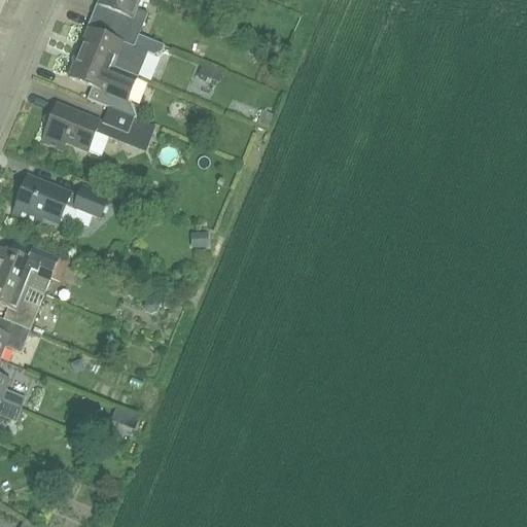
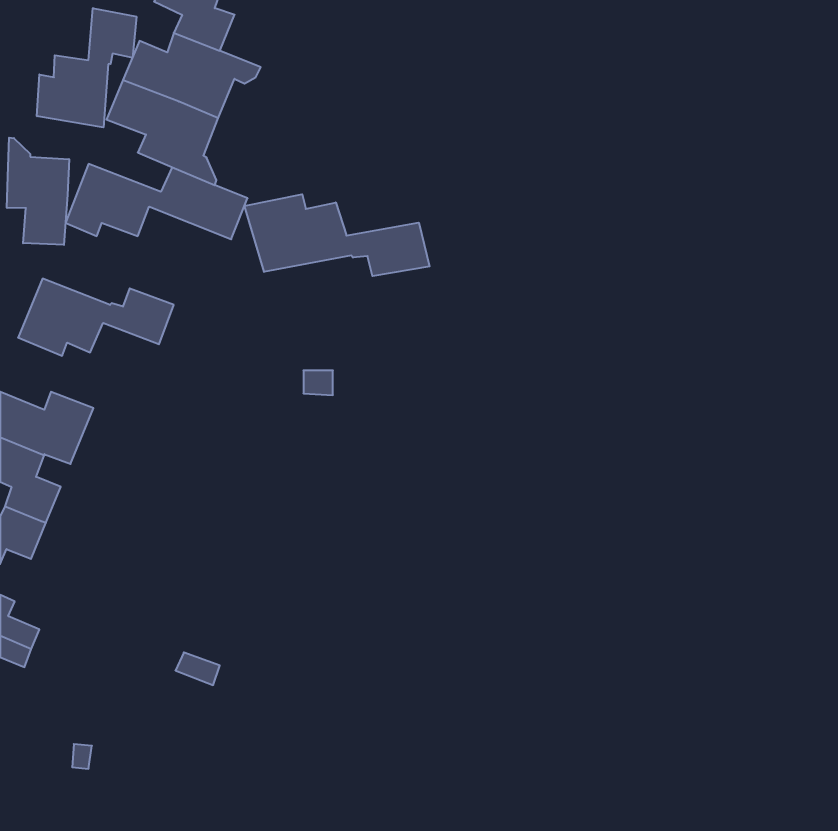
building: none -> [37,8,136,127]
building: none -> [7,138,69,245]
building: none -> [245,194,430,276]

